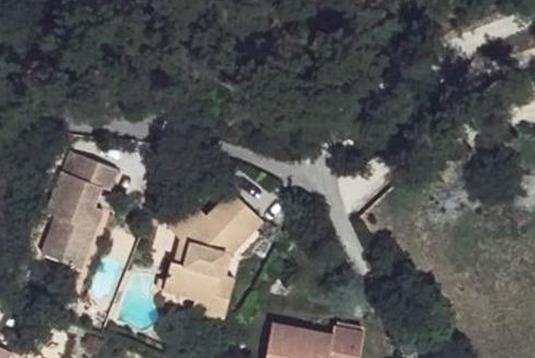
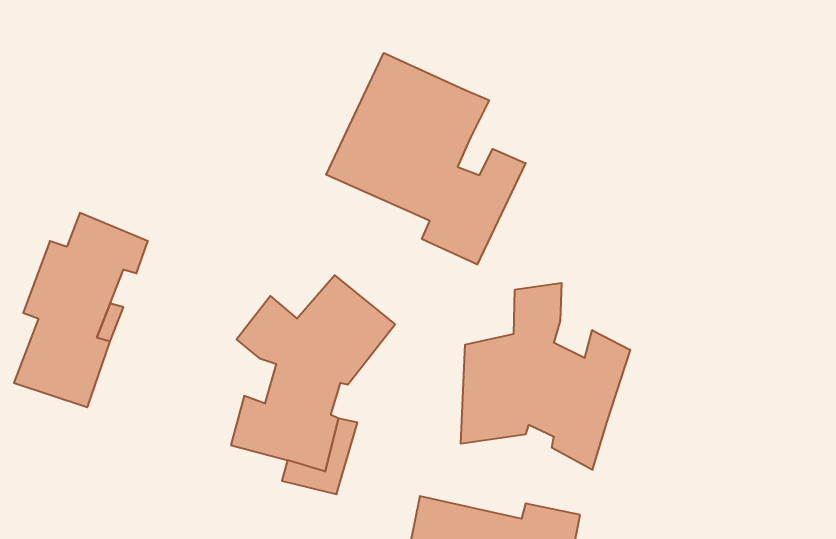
building: none -> [326,53,526,265]
building: none -> [461,283,630,470]

